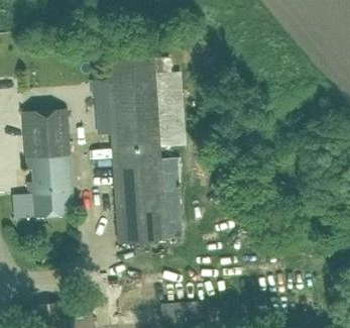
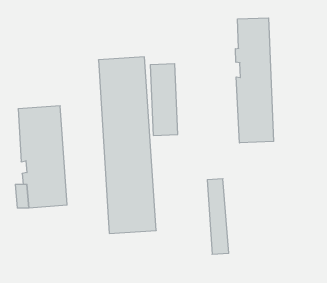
building: none -> [235,18,274,143]
building: [162,153,185,231] -> [207,179,229,254]

